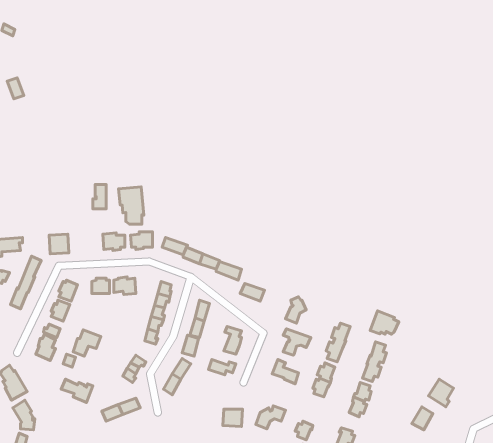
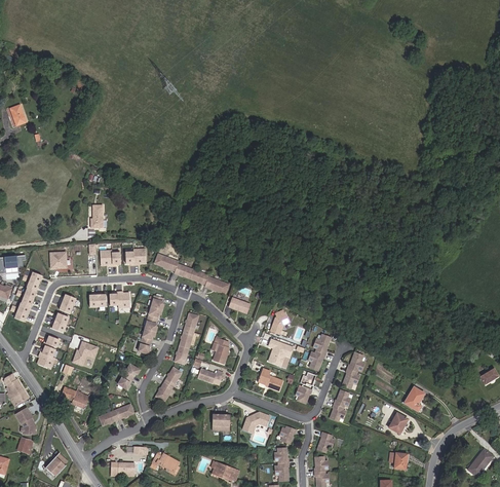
building: [118,187,144,224] -> none
building: [370,311,399,334] -> none

